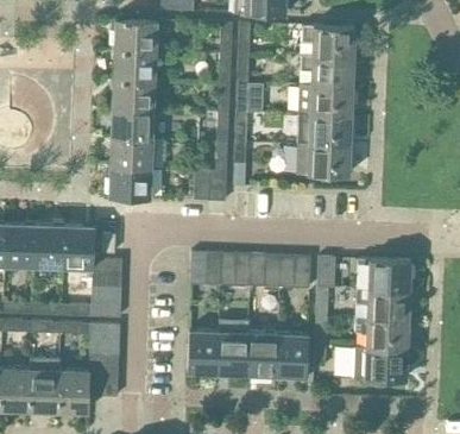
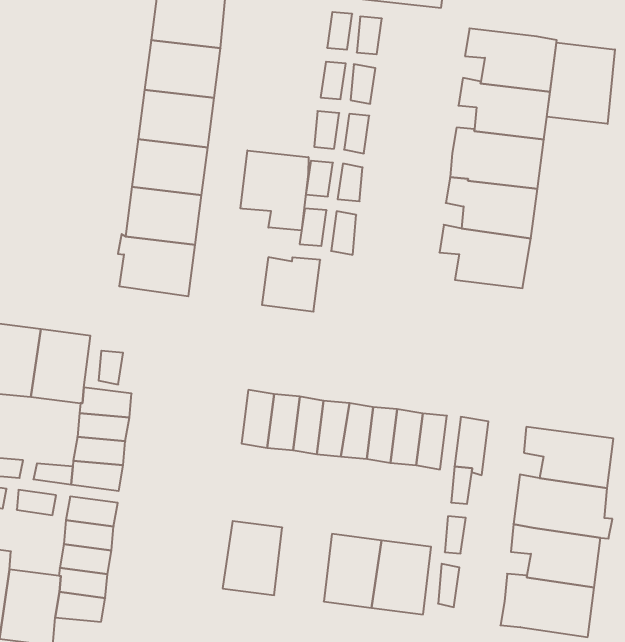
building: none -> [547,43,615,124]
building: none -> [240,150,308,230]
building: [218,332,248,373] -> none

